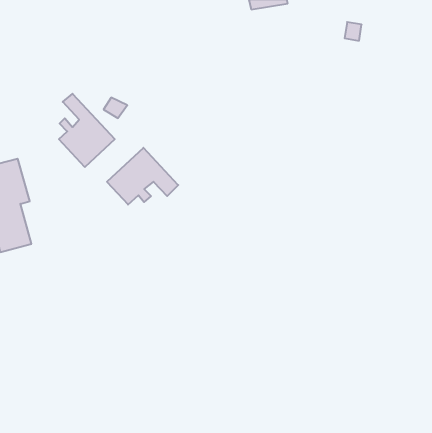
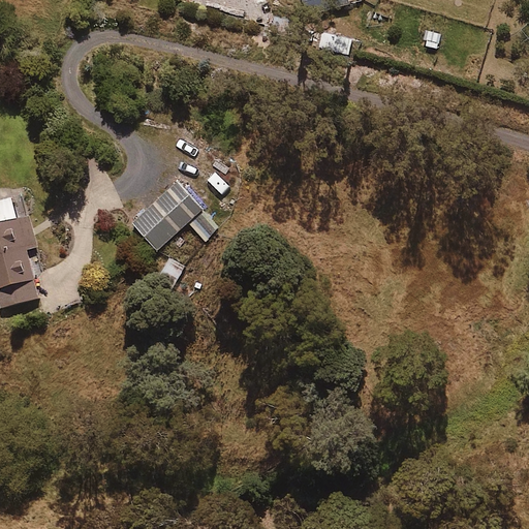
building: [59,94,115,167] -> none

